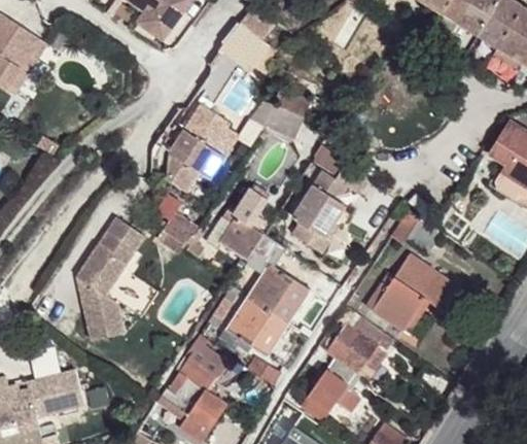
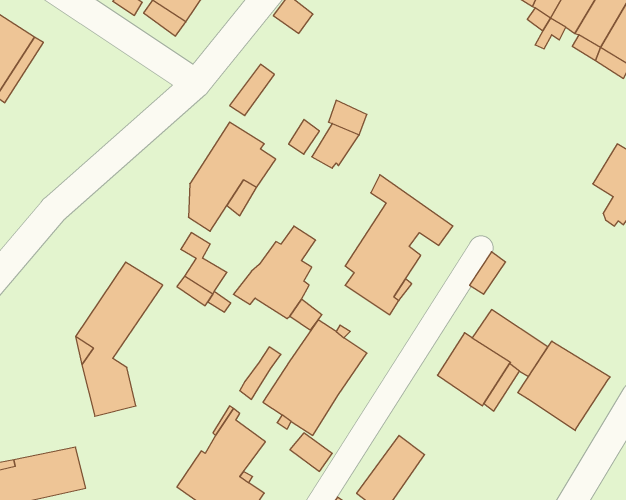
building: none -> [518,341,610,431]
building: [328,317,393,380] -> none

